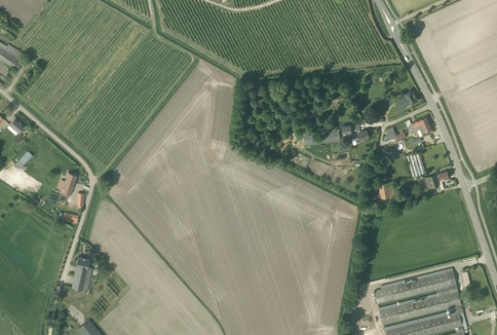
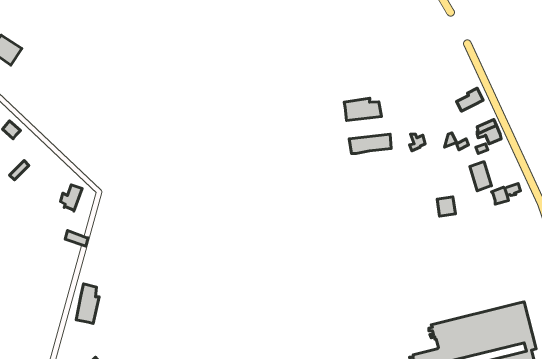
building: none -> [344,98,381,121]

